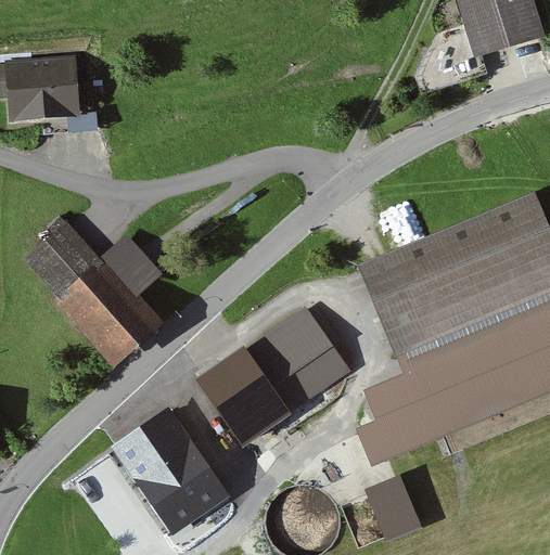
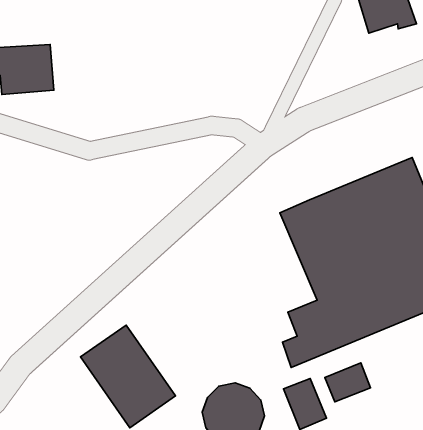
building: [24,223,162,356] -> none
building: [202,308,344,441] -> none
building: none -> [325,363,371,402]

